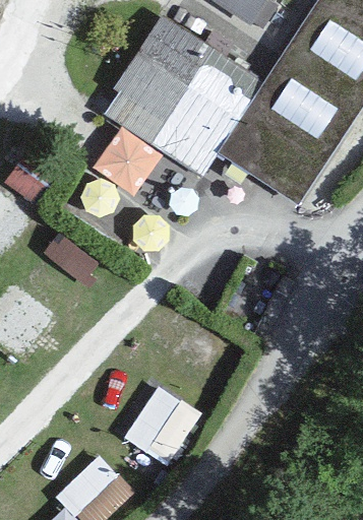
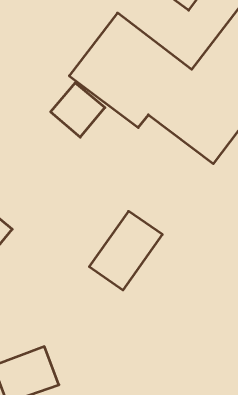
building: [114,381,201,479] -> [89,211,162,290]

